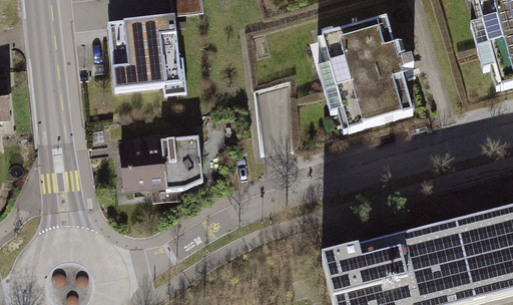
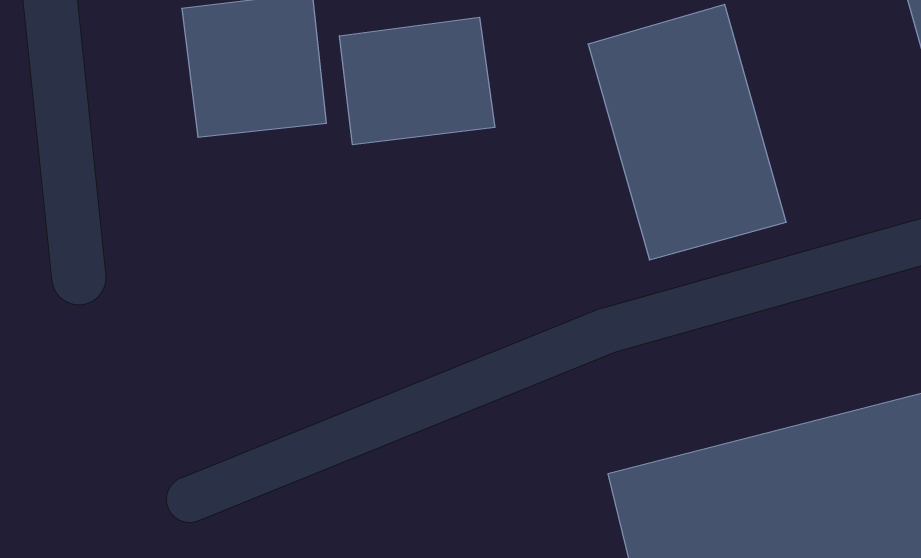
building: none -> [340,17,495,145]
building: [112,133,199,192] -> none

